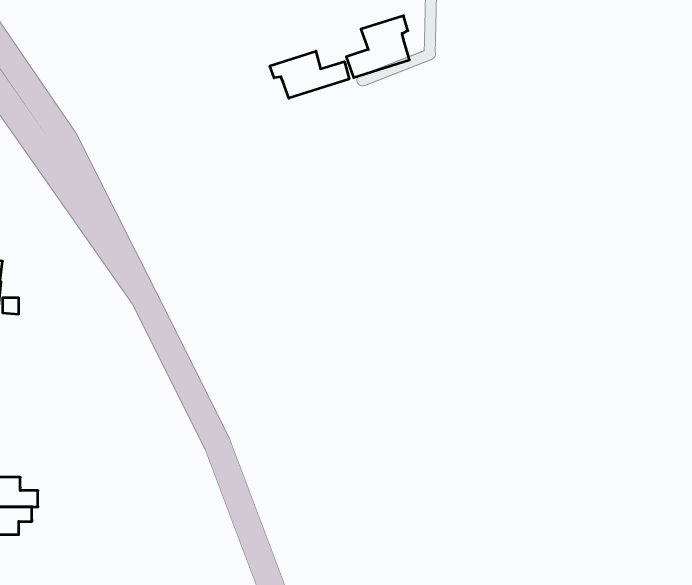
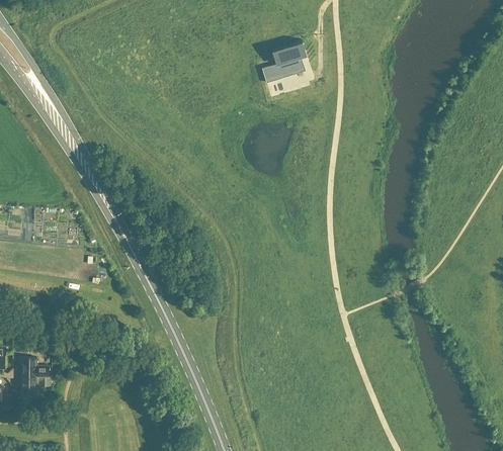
building: [270,51,349,98] -> none

